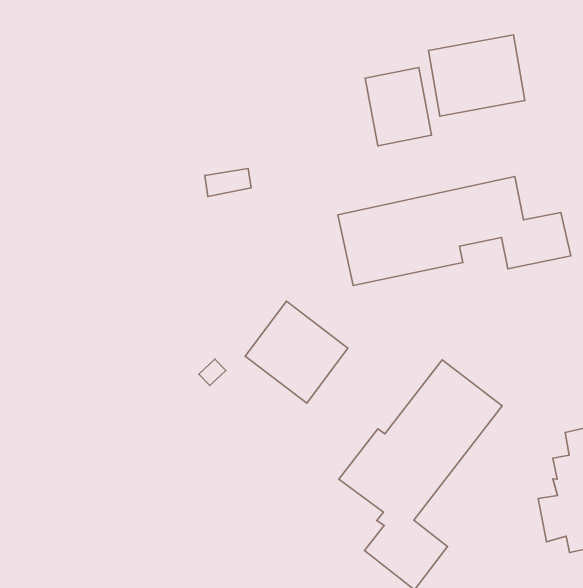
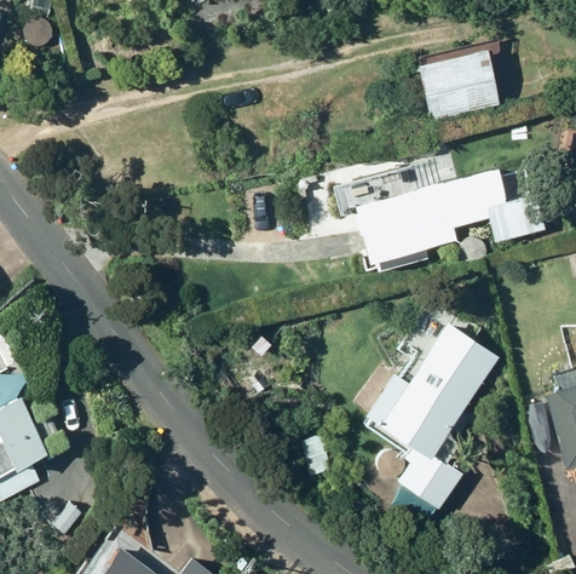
building: [365,67,432,146] -> none
building: [245,301,348,403] -> none

